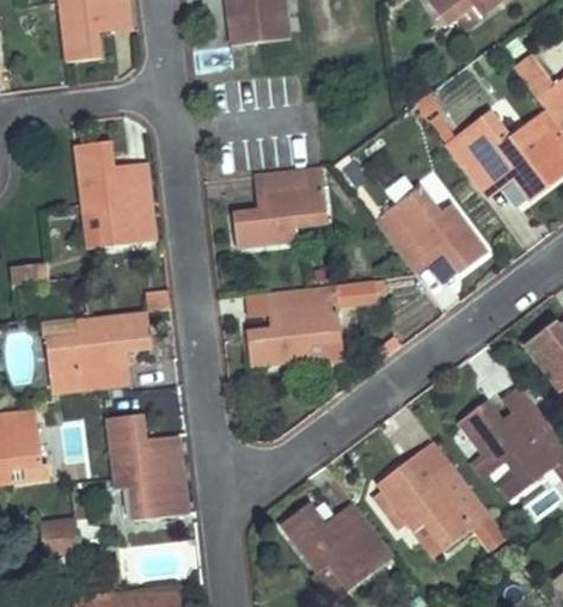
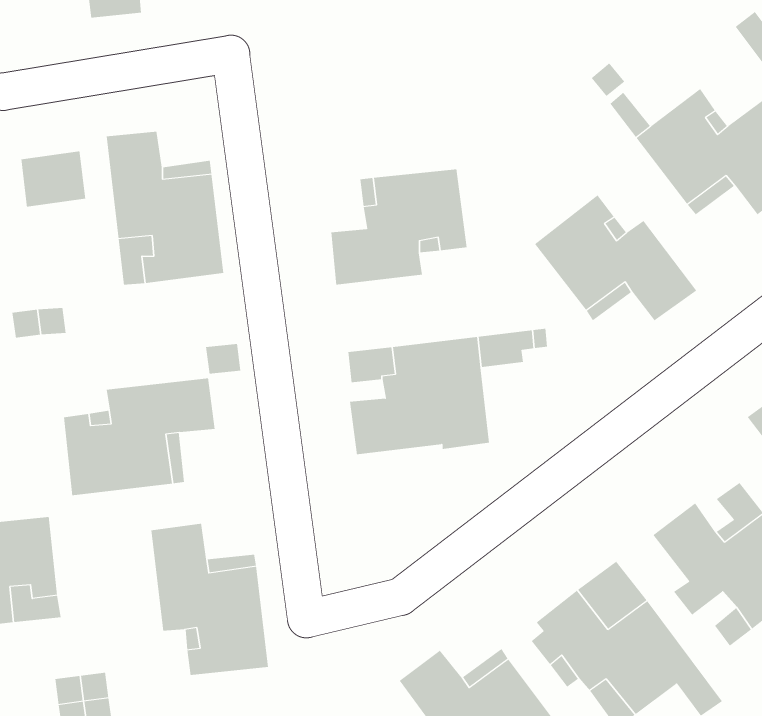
building: none -> [21,150,86,208]

